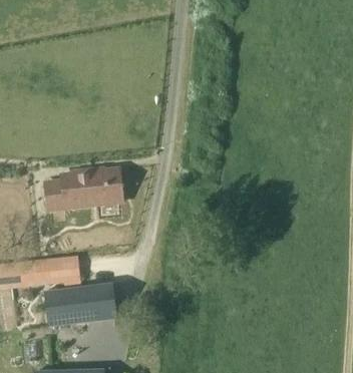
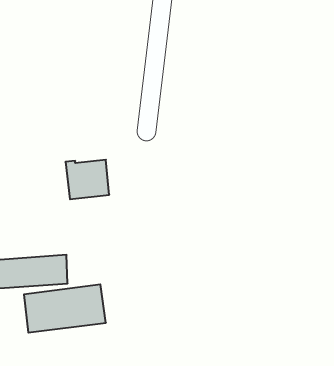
building: [44,170,86,209] -> none

